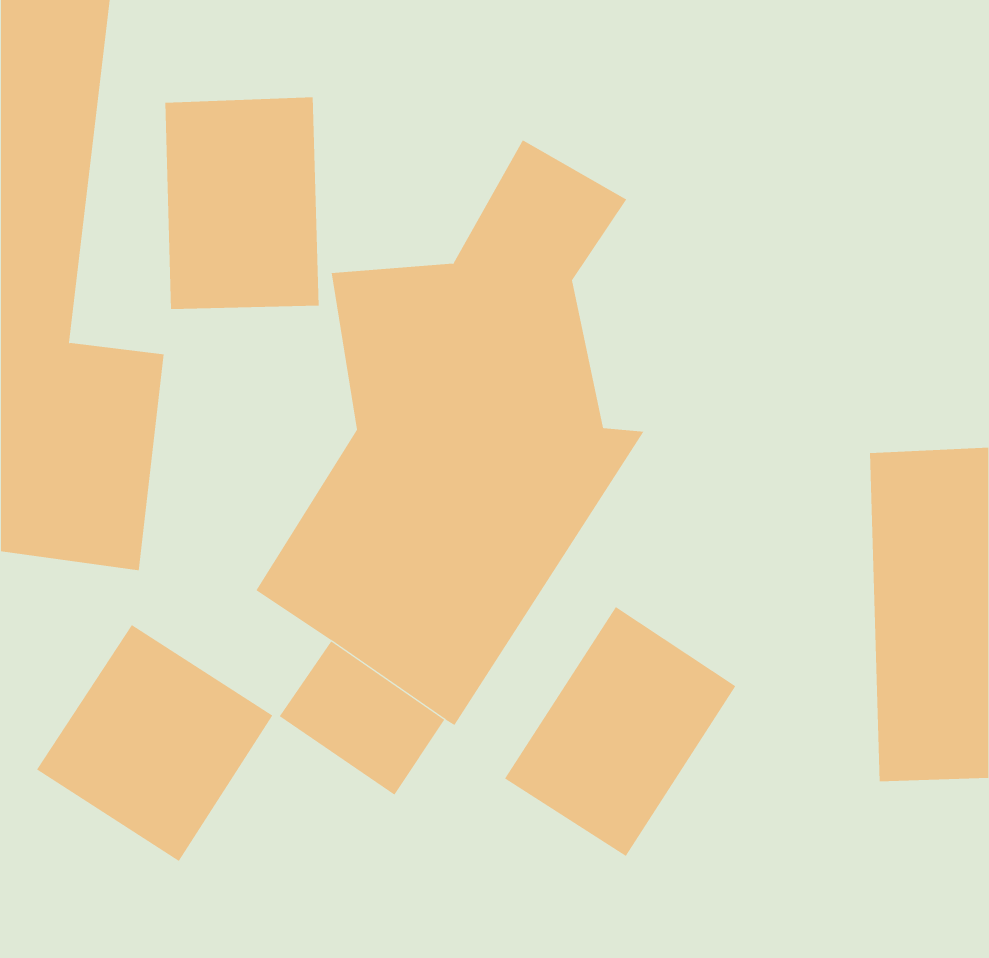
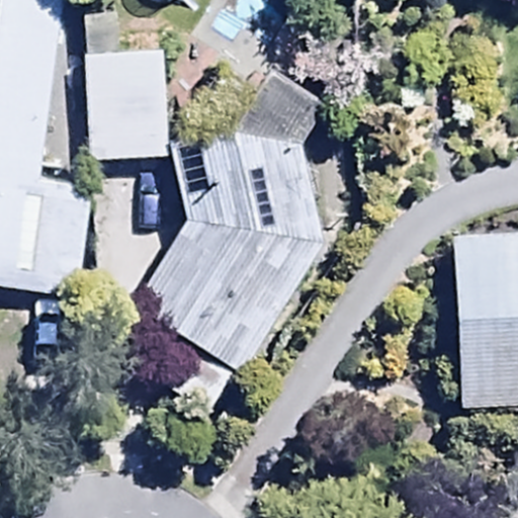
building: [504,606,736,857] -> none
building: [36,624,273,862] -> none

